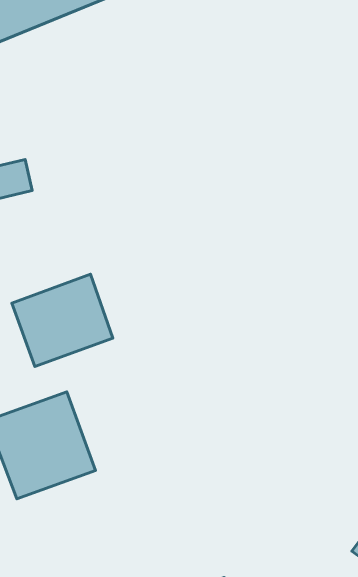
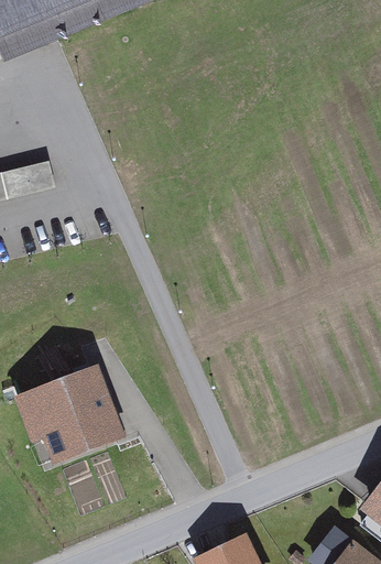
building: [12,274,113,366] -> none

